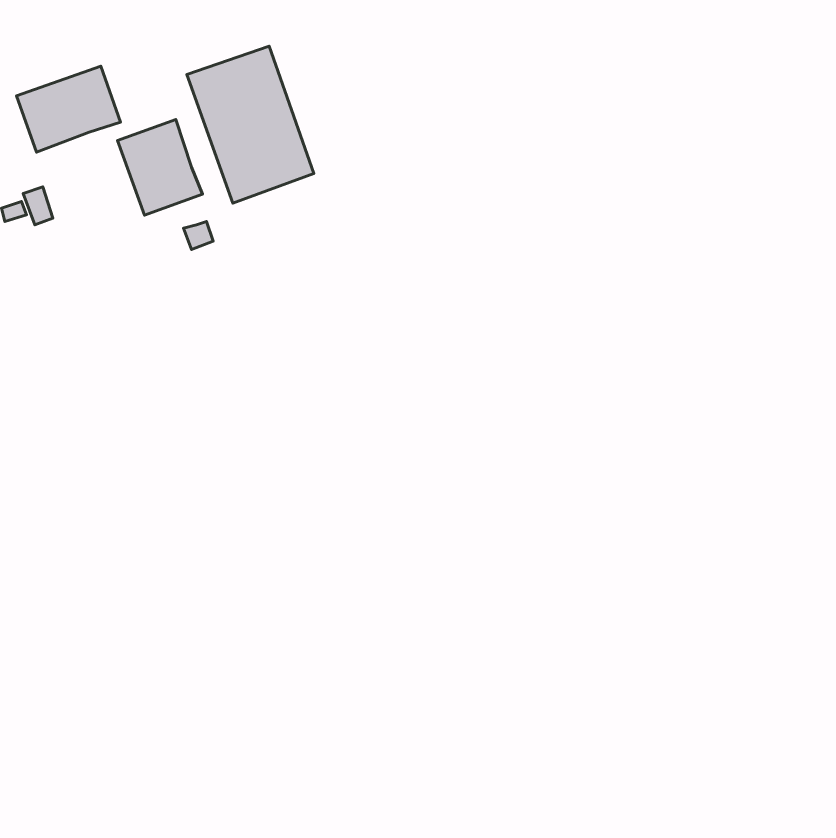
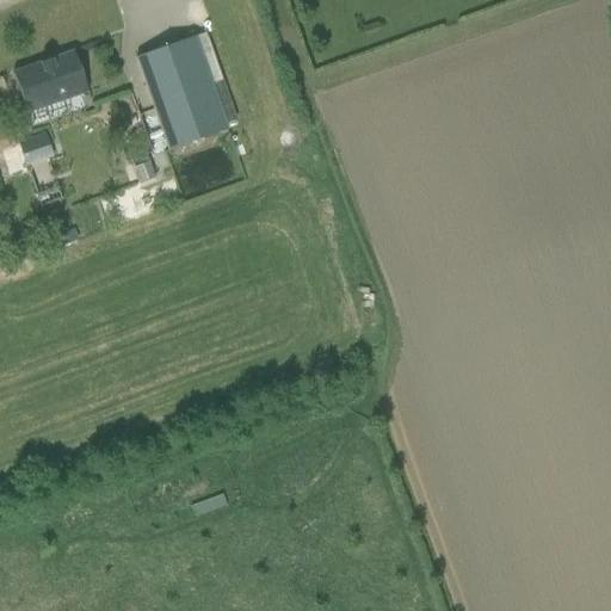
building: [118,119,203,215] -> none

